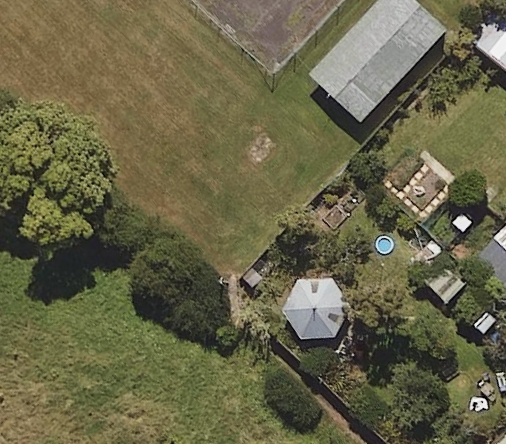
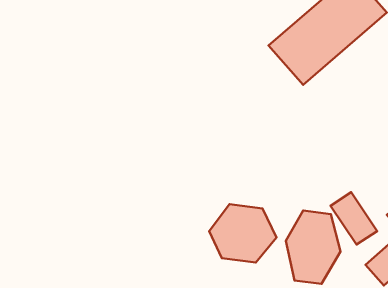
building: none -> [286,210,340,284]

